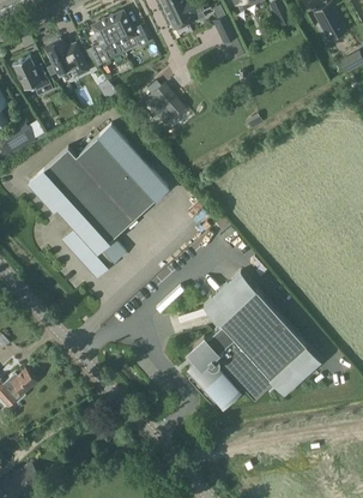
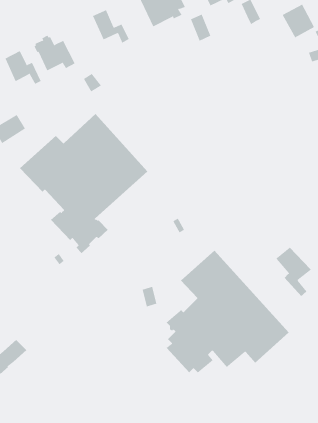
building: [92,18,120,66] -> none
building: [152,85,186,120] -> none
building: none -> [275,246,312,297]

